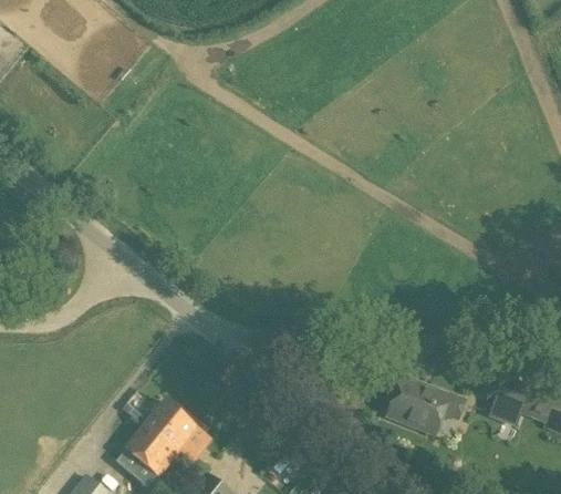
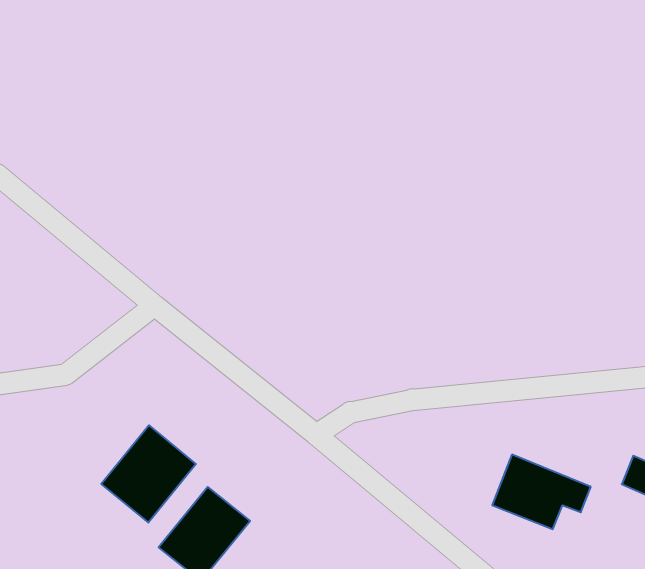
building: none -> [101,425,196,523]

